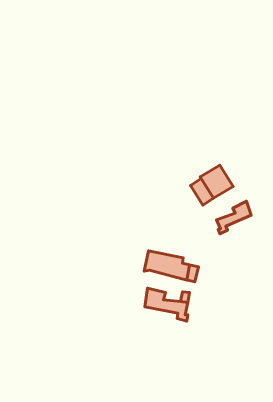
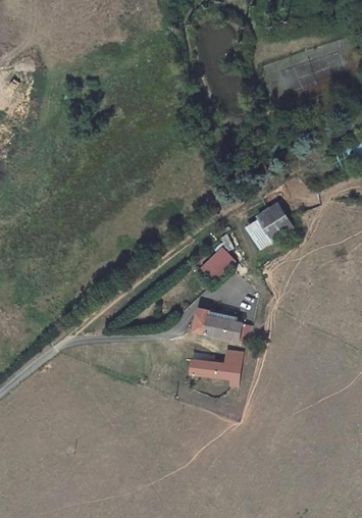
building: none -> [200,243,236,278]
building: [216,201,251,234] -> none

